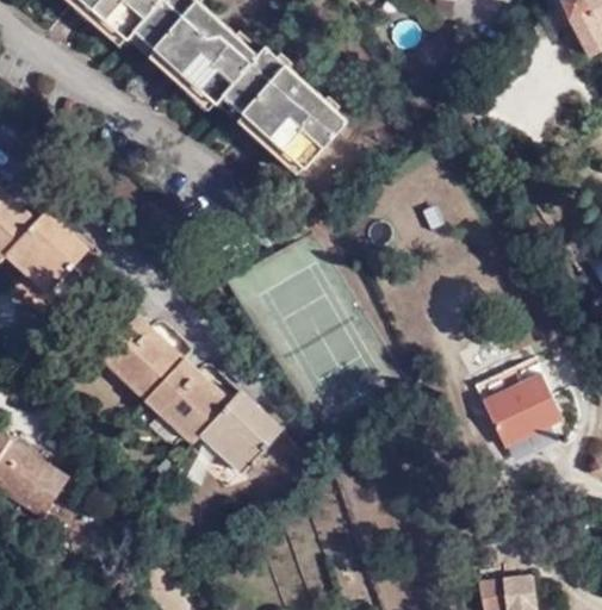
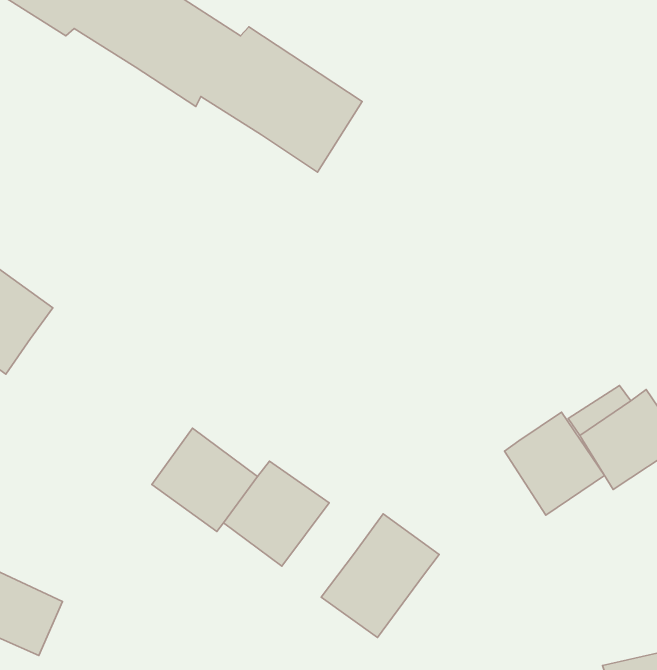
building: [100,313,184,397] -> none
building: none -> [505,412,604,515]
building: none -> [321,514,439,638]

